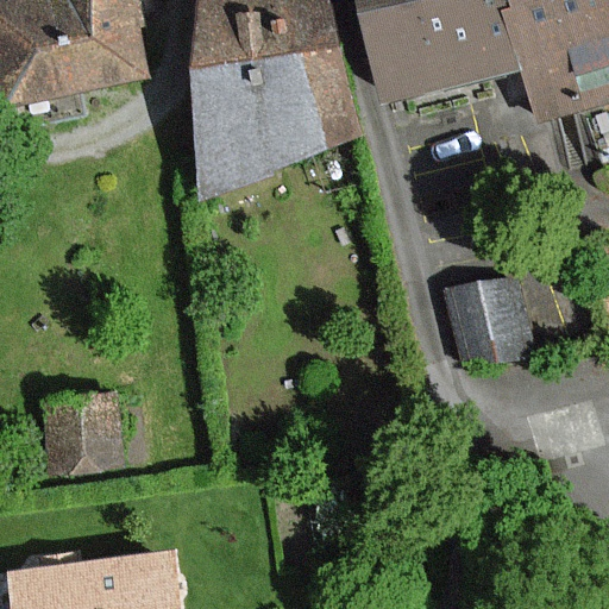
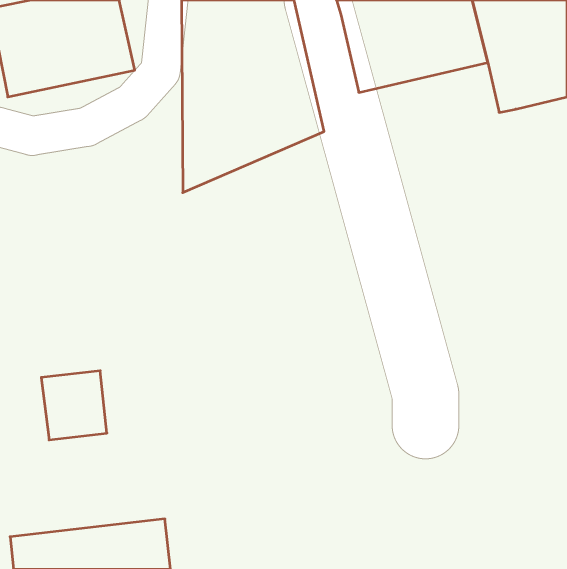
building: [452,281,526,363] -> none

